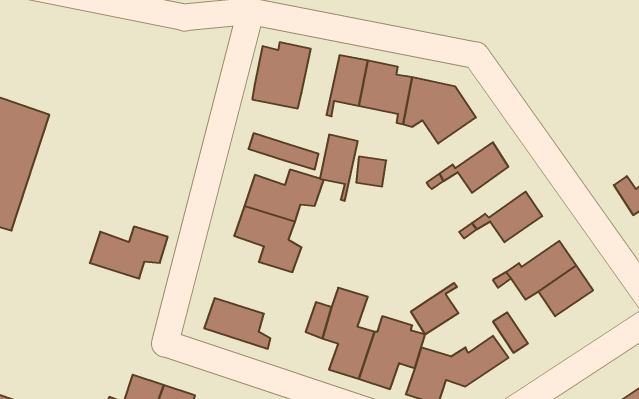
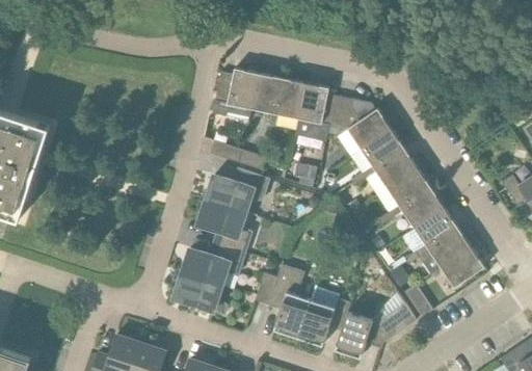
building: none -> [361,129,404,169]
building: [320,135,358,201] -> [251,74,282,127]
building: none -> [388,168,430,209]
building: none -> [414,208,457,248]
building: [90,227,168,279] -> [182,244,244,286]
building: [411,283,458,335] -> none

